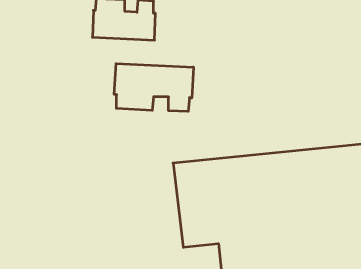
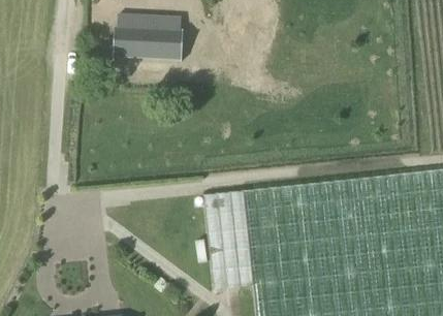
building: [114,64,193,111] -> none

